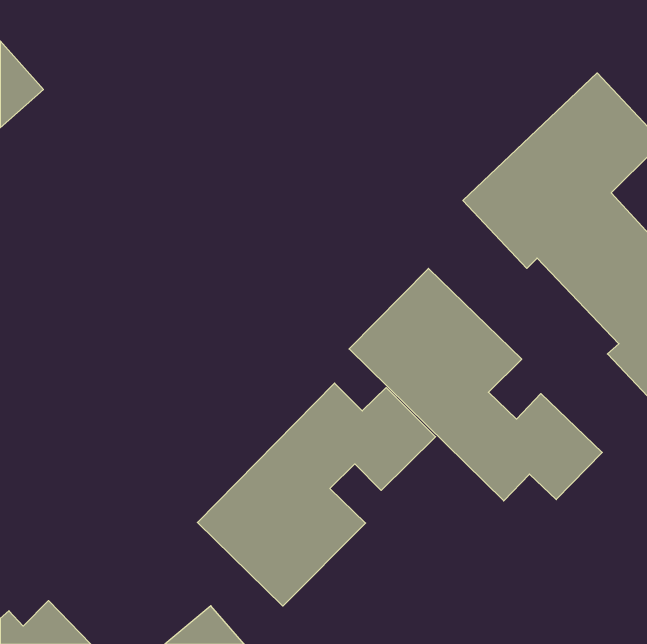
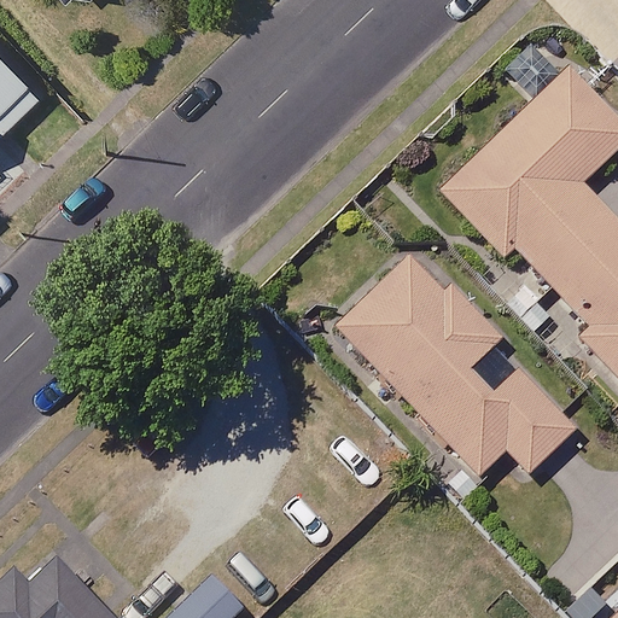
building: [197,383,436,606] -> none

